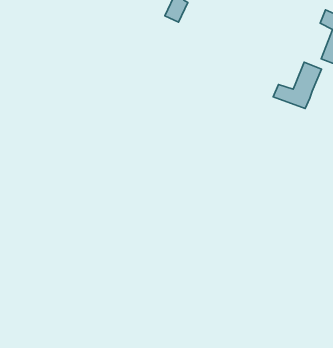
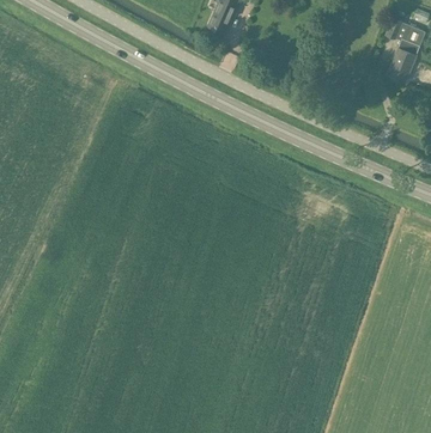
building: [273,62,321,109] -> none

